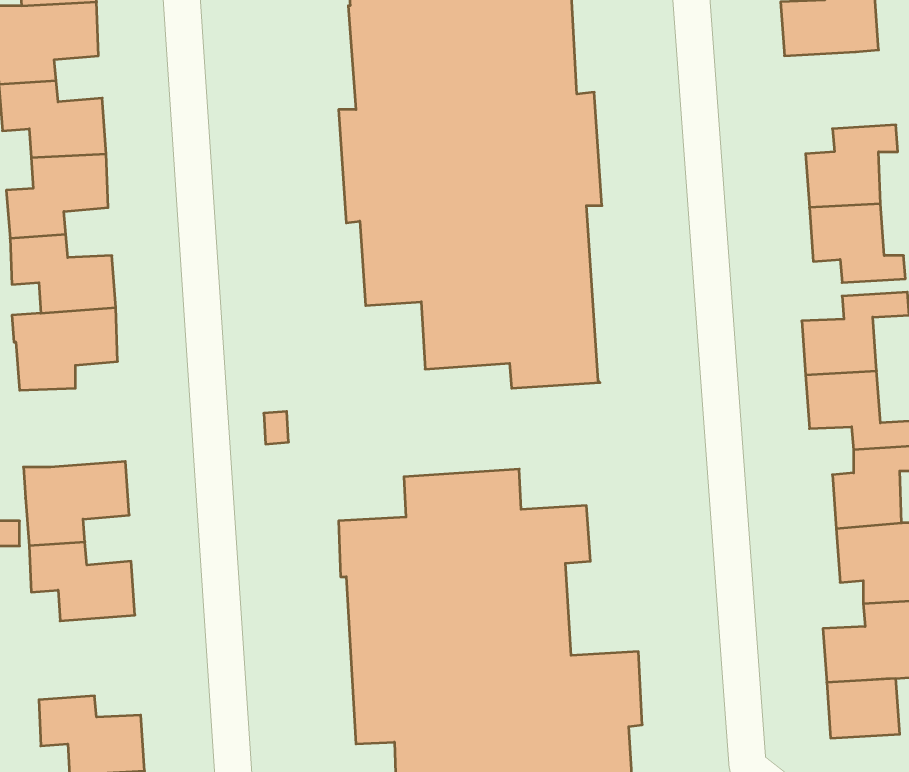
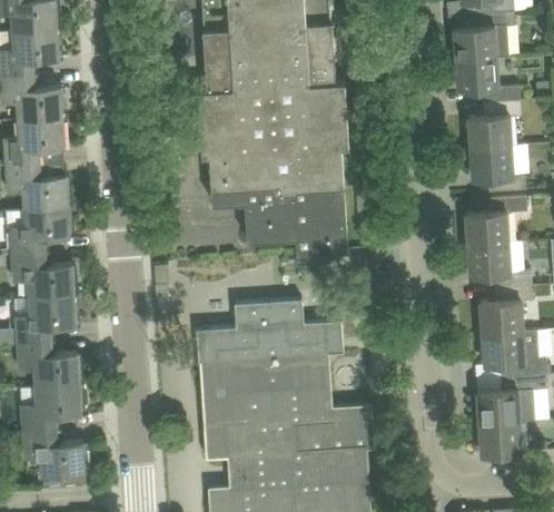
building: none -> [455,58,520,102]
building: none -> [12,253,73,298]
building: none -> [20,384,81,433]

